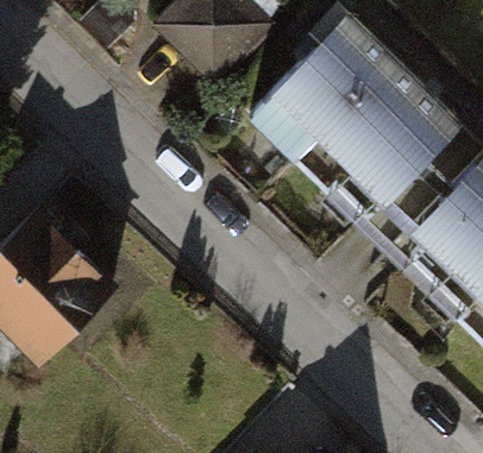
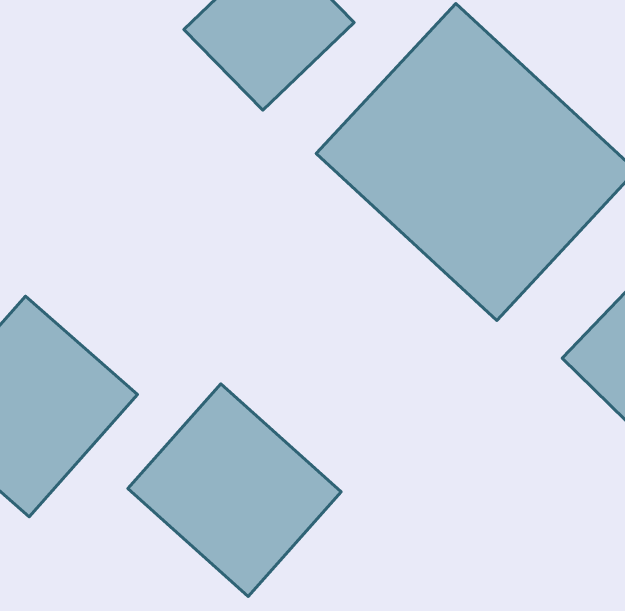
building: none -> [128,384,341,597]

